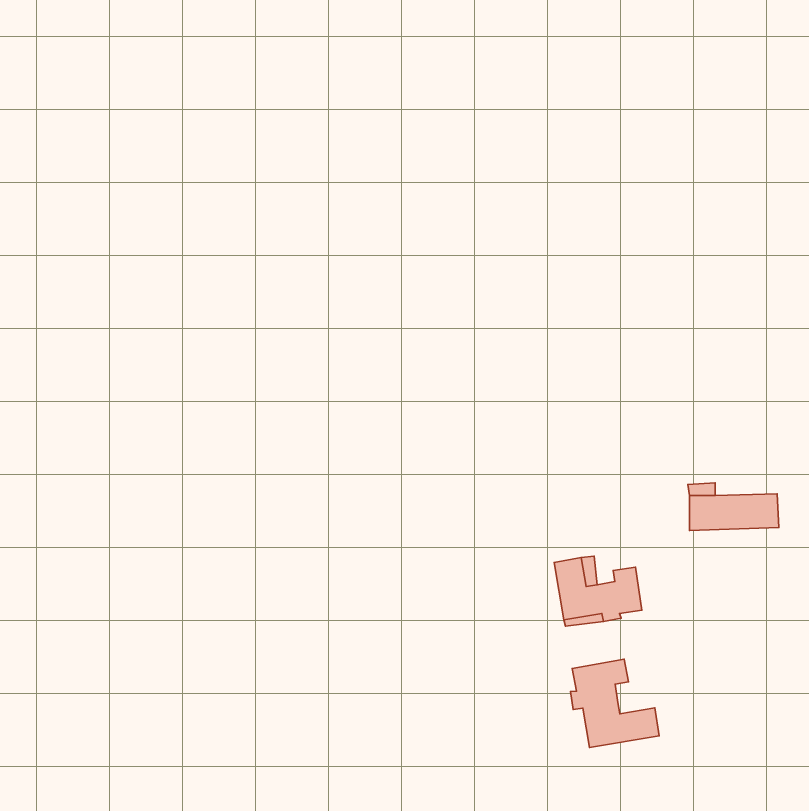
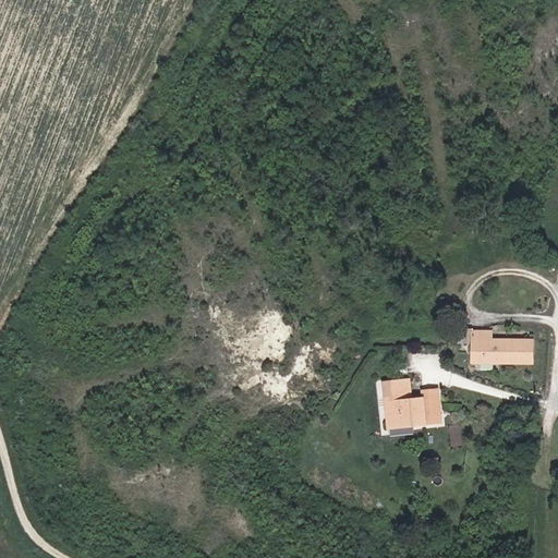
building: [570,659,659,747] -> none

